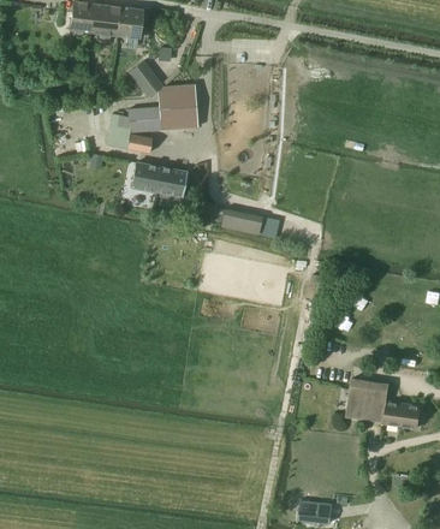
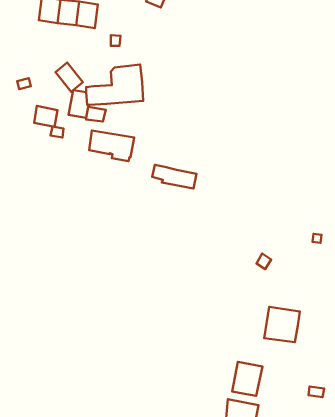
building: [129,61,162,97] -> [55,62,83,92]
building: none -> [34,106,57,127]
building: [382,402,421,428] -> none
building: none -> [232,362,262,396]

